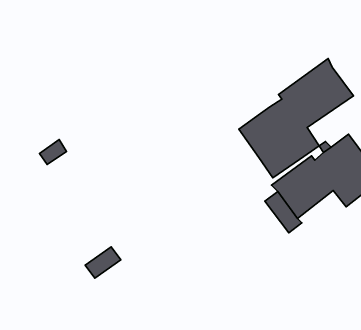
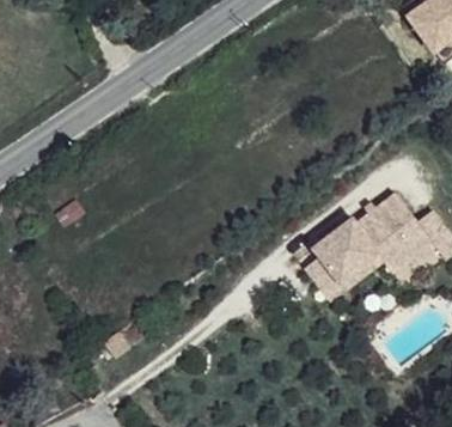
building: [239,58,353,178] -> none

